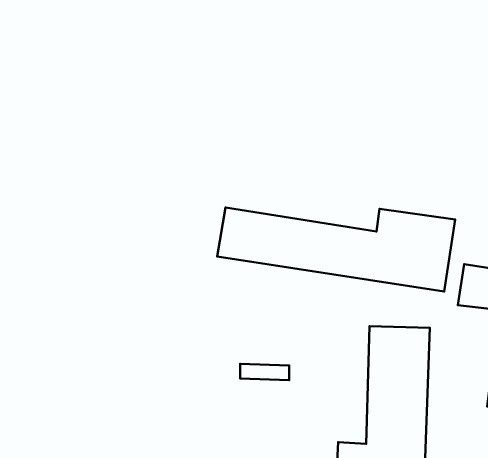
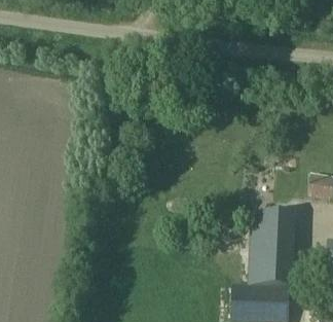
building: [217,207,455,292] -> none

